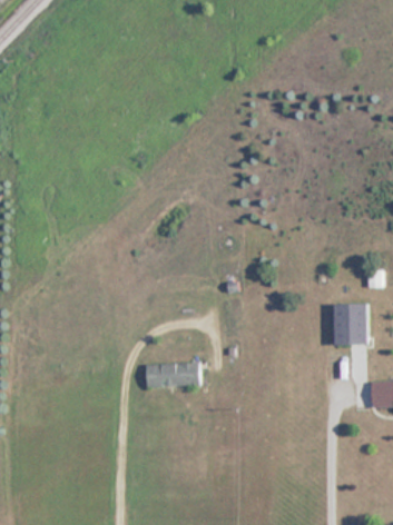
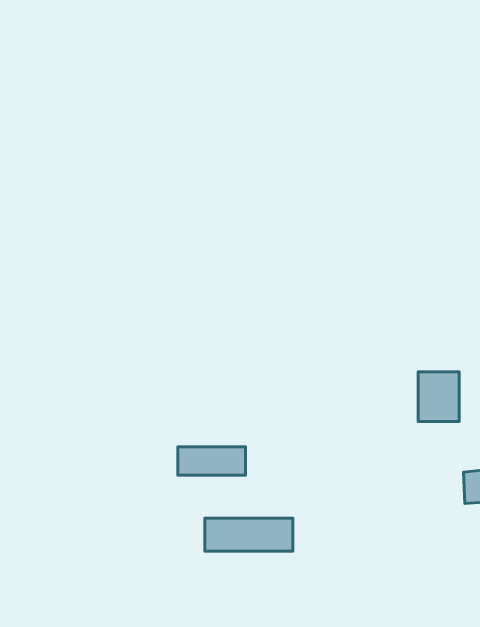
building: none -> [205,518,293,551]

